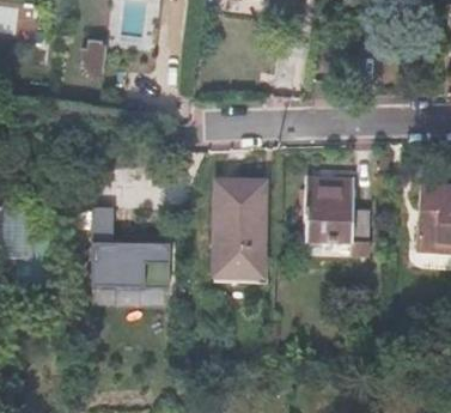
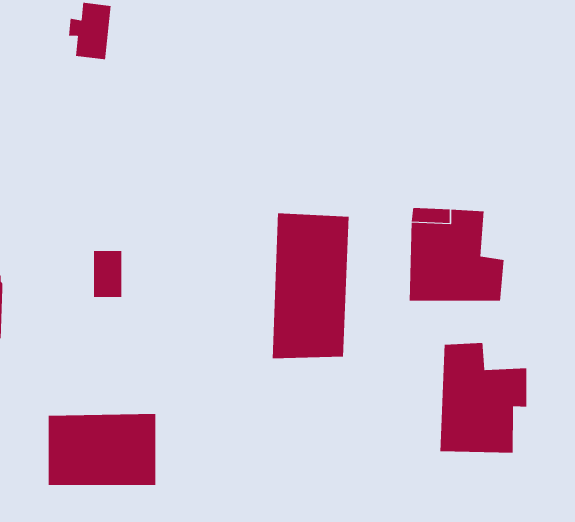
building: [96,238,167,286] -> [48,414,156,486]
building: none -> [440,342,527,453]

